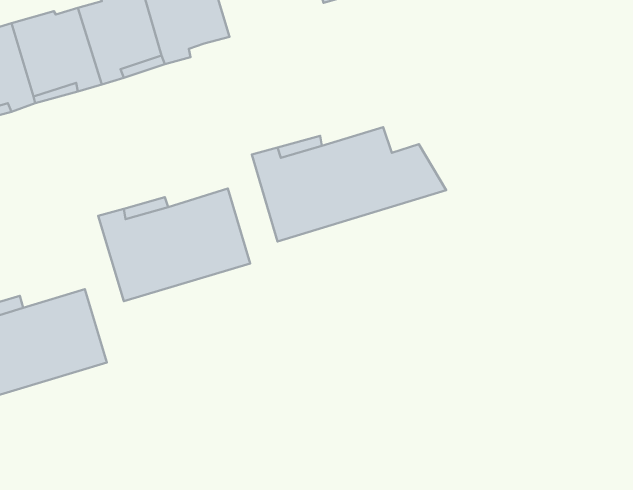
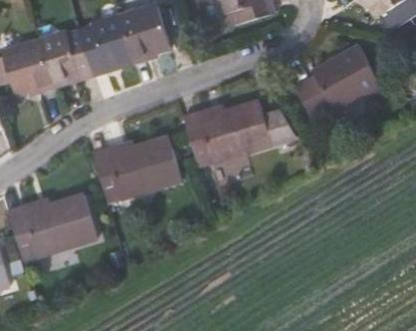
building: none -> [294,46,381,115]

